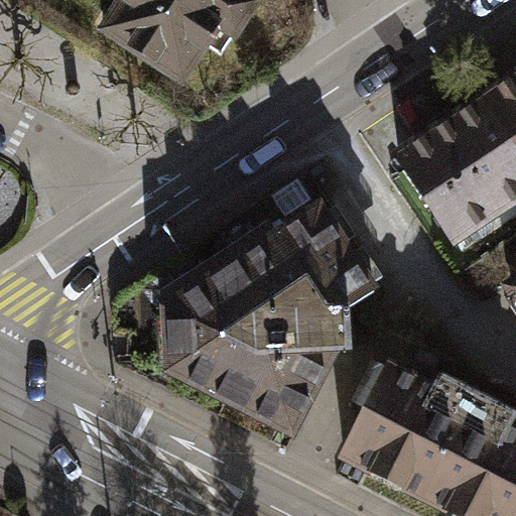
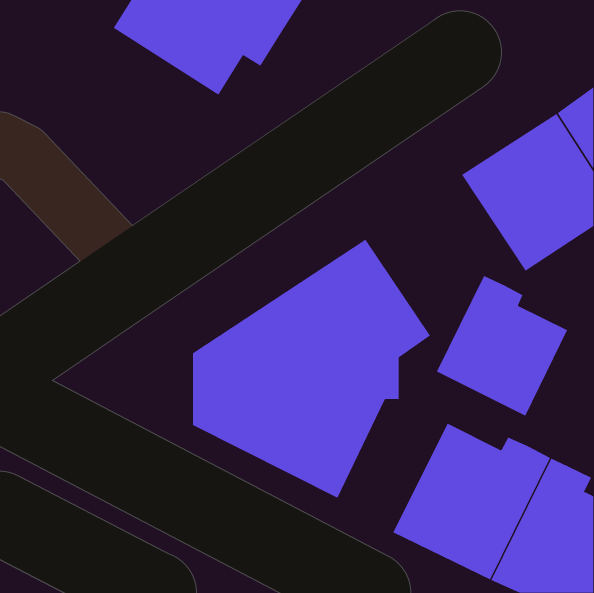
building: none -> [436,275,568,416]

